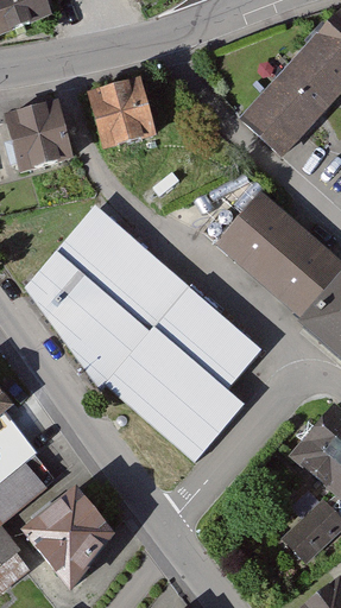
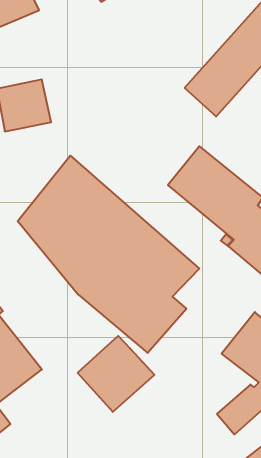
building: [89,76,160,147] -> none
building: [13,484,112,582] -> [78,336,154,412]

